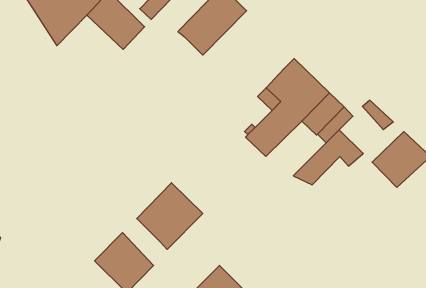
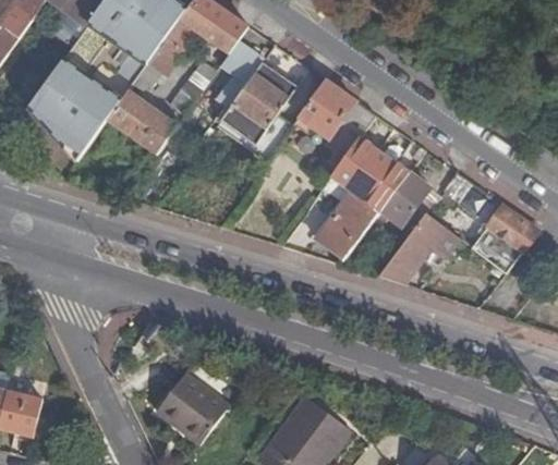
building: none -> [296,79,375,151]
building: [137,183,203,249] -> none

